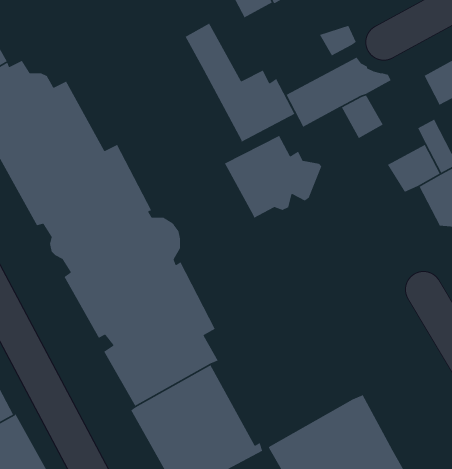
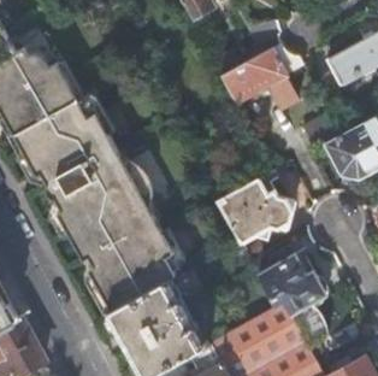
building: [184,22,296,143] -> none
building: [224,135,322,219] -> [218,177,293,241]
building: none -> [258,253,329,343]

